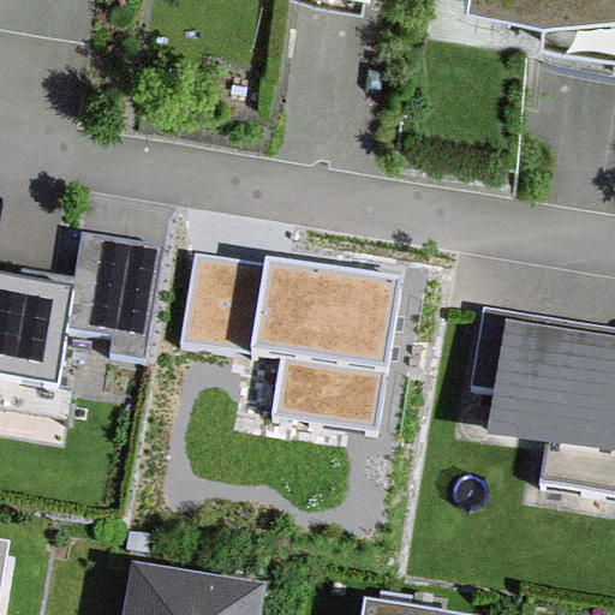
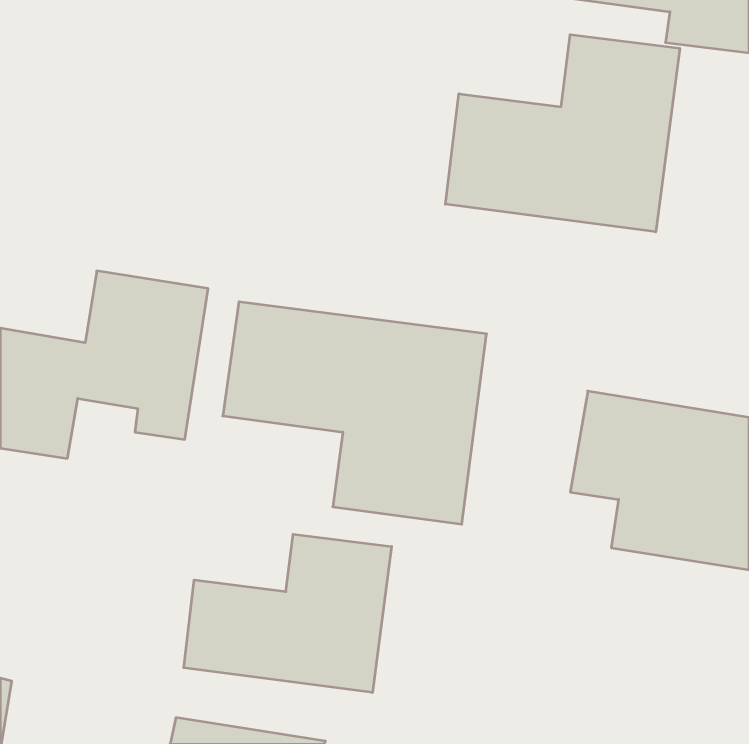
building: none -> [445,35,680,232]
building: none -> [184,534,392,693]

